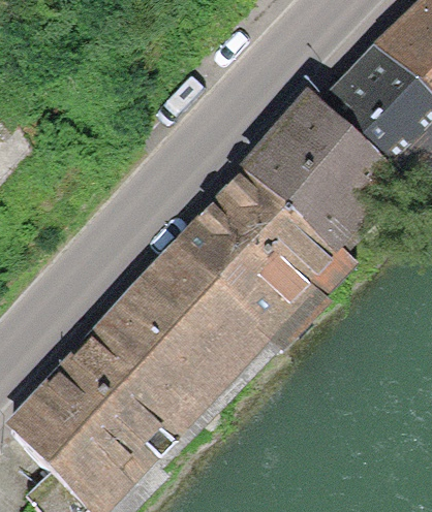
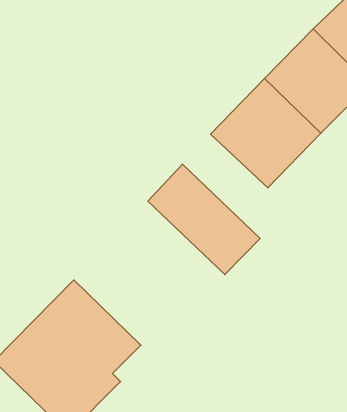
building: [228,161,353,283] -> none
building: [101,239,278,408] -> none

